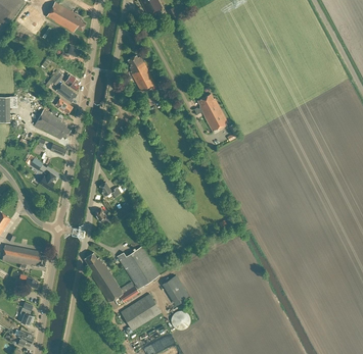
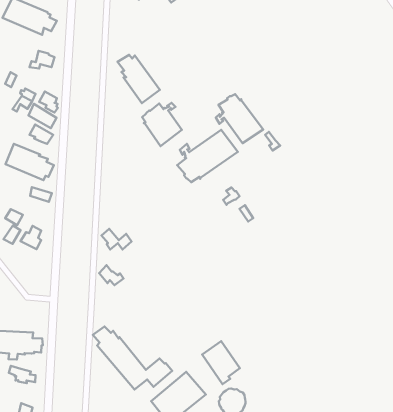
building: none -> [142,103,182,146]
building: none -> [177,130,238,182]
building: [117,247,160,289] -> none

